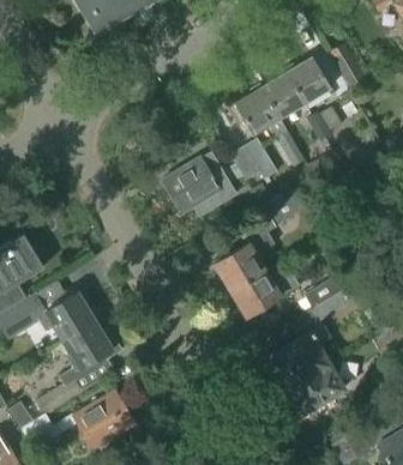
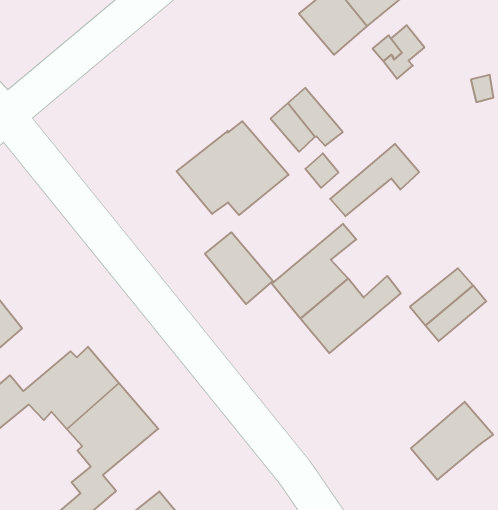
building: [235,87,303,170] -> none
building: none -> [205,232,273,304]
building: [269,325,330,389] -> none

